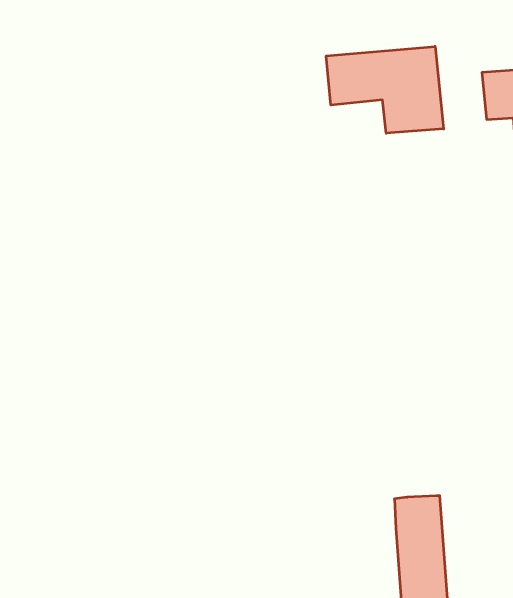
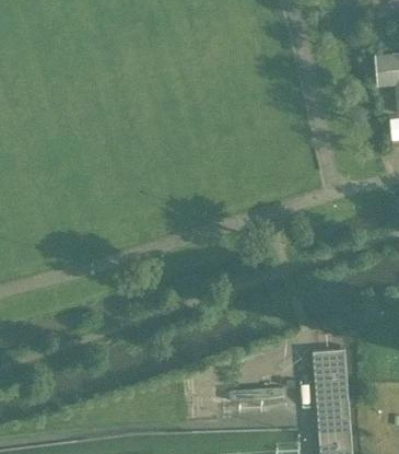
building: [326,46,444,133] -> none

